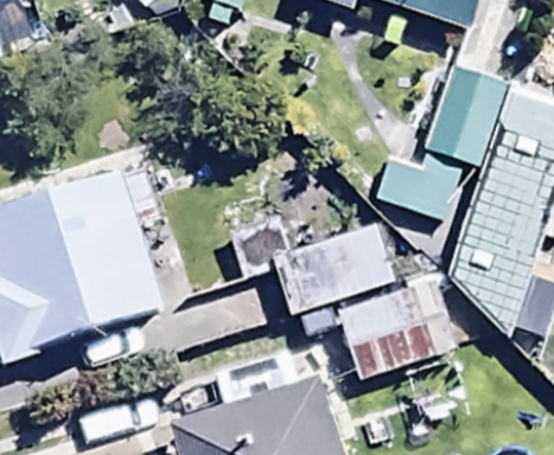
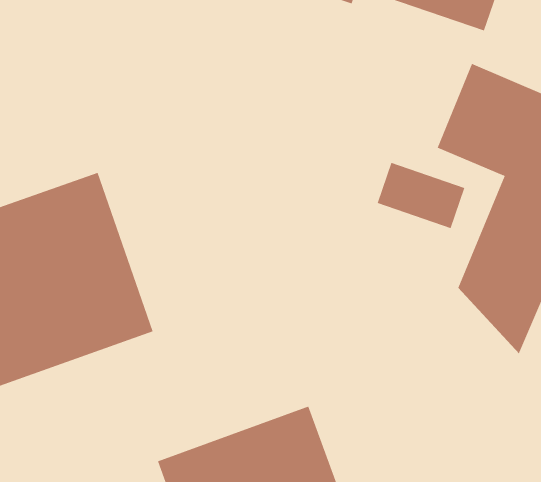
building: [276,222,419,377] -> none

